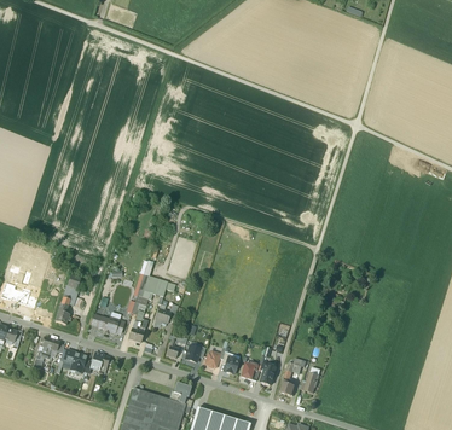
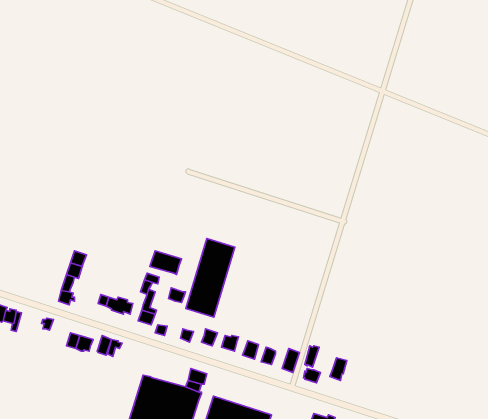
building: none -> [186,239,235,317]

